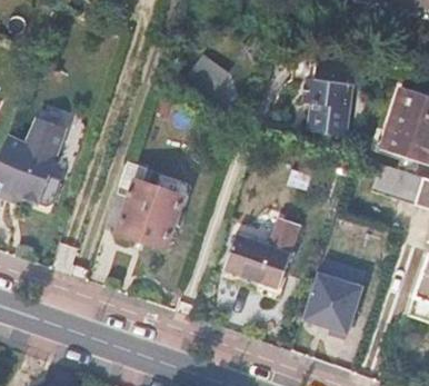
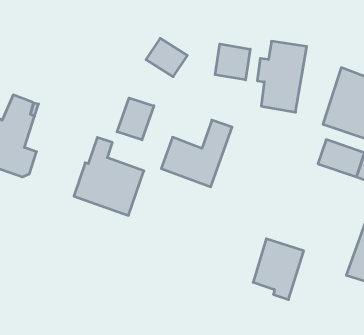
building: none -> [215,44,250,80]
building: none -> [117,98,154,140]
building: [223,214,301,287] -> [161,120,232,187]

